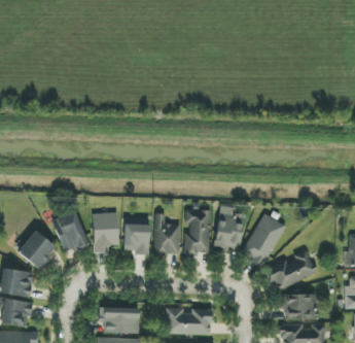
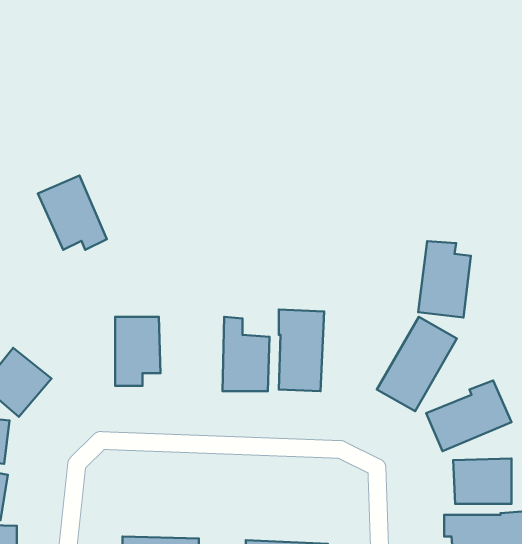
building: [214,206,244,249] -> [418,241,471,318]
building: [50,210,90,252] -> [38,175,107,250]
building: [123,217,148,253] -> none
building: [98,307,139,334] -> none
building: [167,308,211,335] -> none

